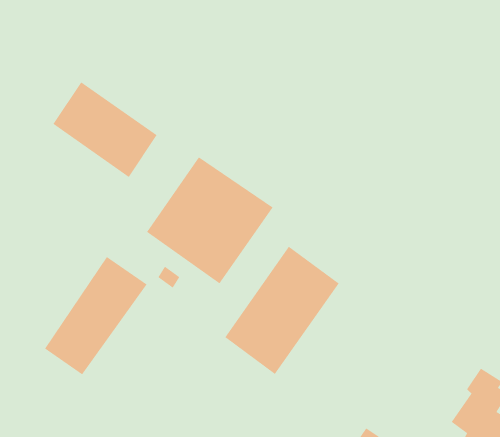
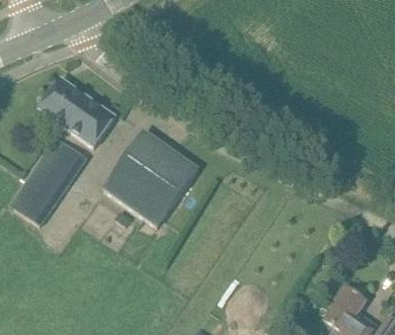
building: [224,246,339,375] -> none
building: [44,256,148,375] -> [13,137,87,222]

